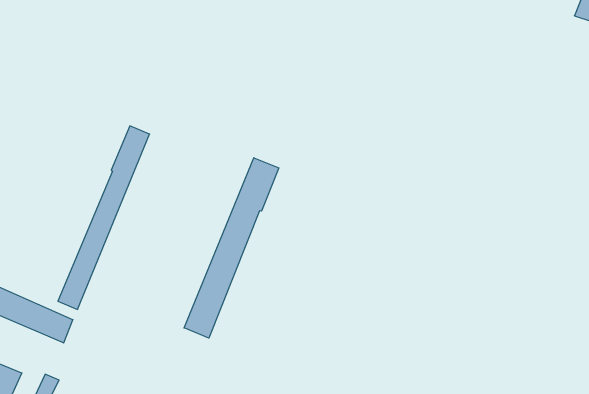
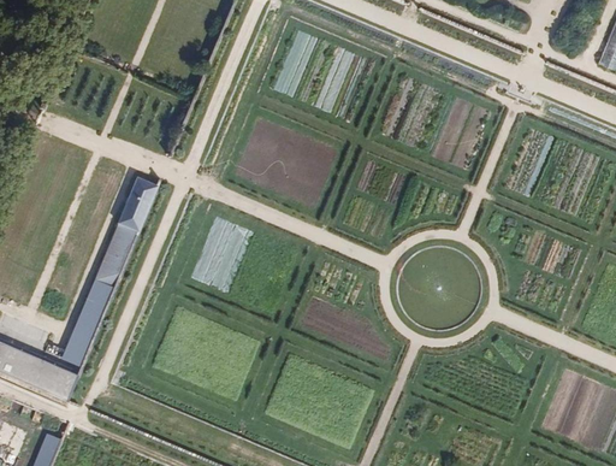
building: [184,158,279,338] -> none

